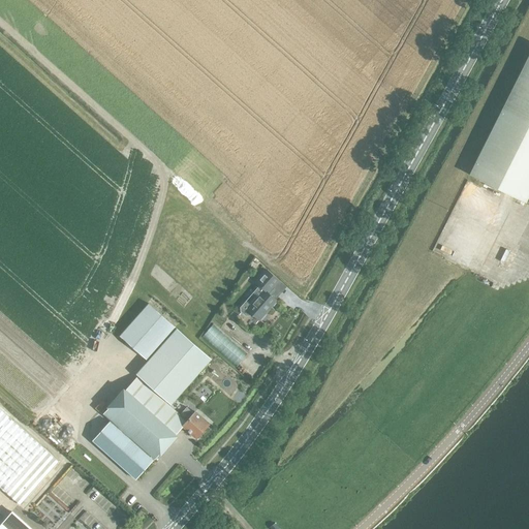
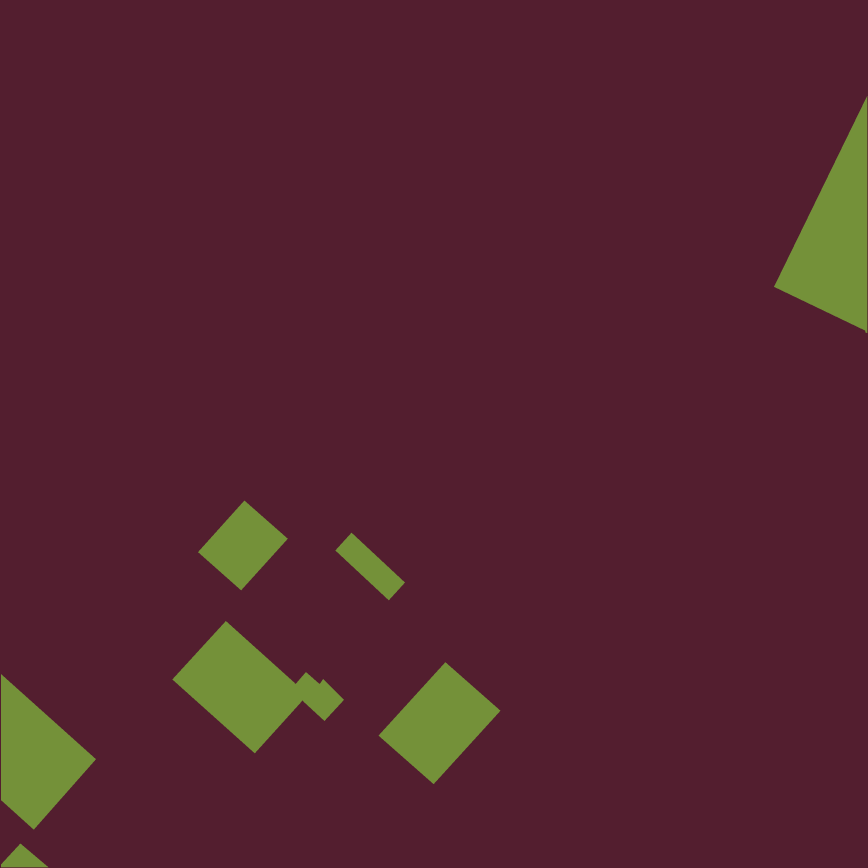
building: [242,272,279,320] -> none
building: [136,329,212,404] -> [378,661,502,785]
building: [92,421,154,479] -> none

